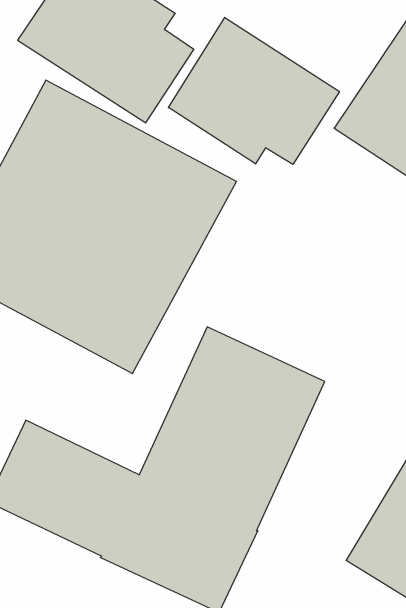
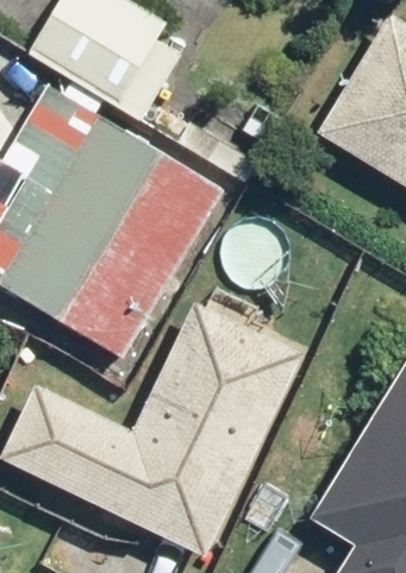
building: [168,17,339,164] -> none

